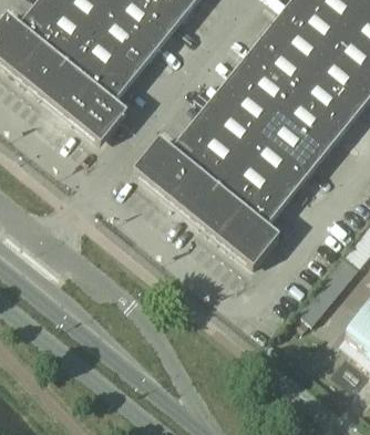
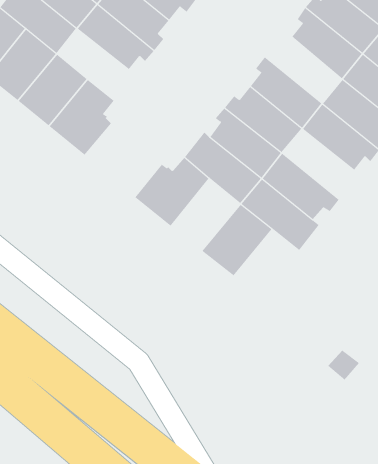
building: [75,30,140,90] -> none
building: [247,37,311,92] -> none
building: [261,113,321,172] -> none
building: [169,154,227,214] -> none
building: [222,196,278,262] -> none

